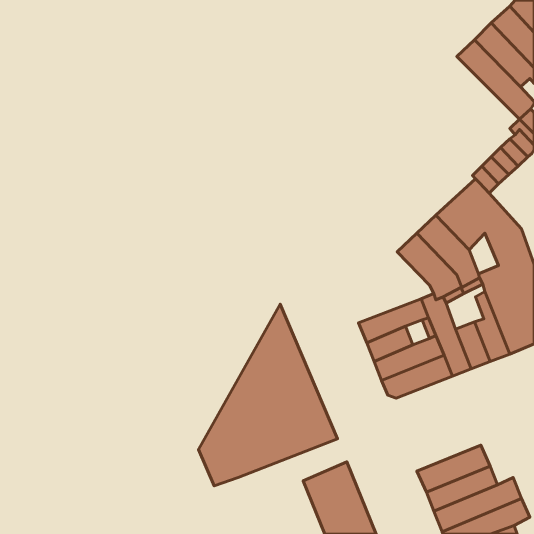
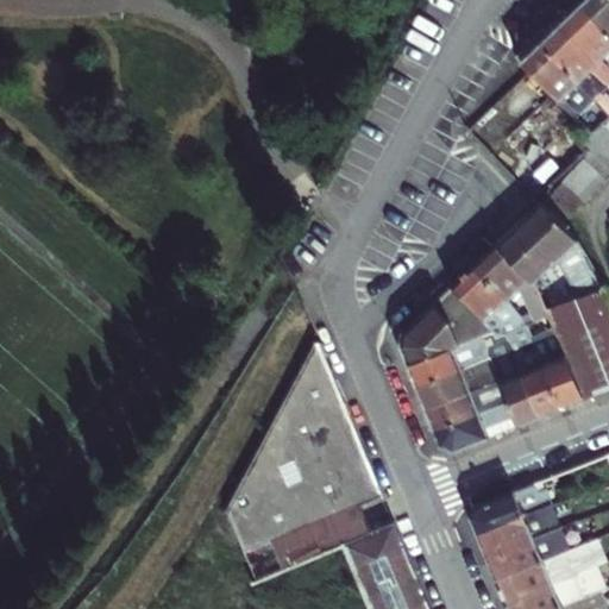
building: none -> [400,287,494,368]
building: none -> [467,486,547,536]
building: none -> [271,500,395,569]

